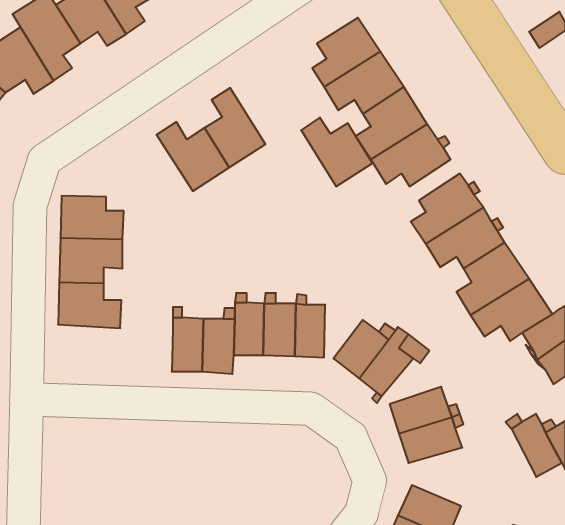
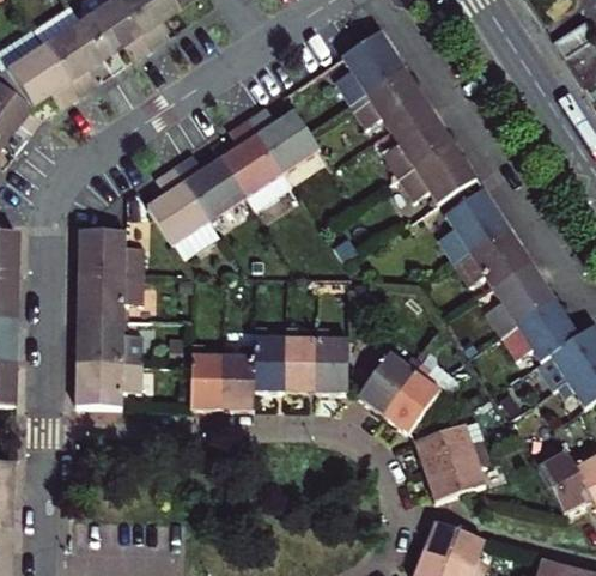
building: [301,117,373,187] -> [253,99,326,170]
building: none -> [151,160,214,242]
building: none -> [75,354,140,401]

